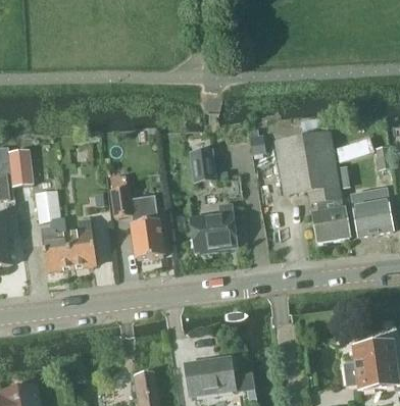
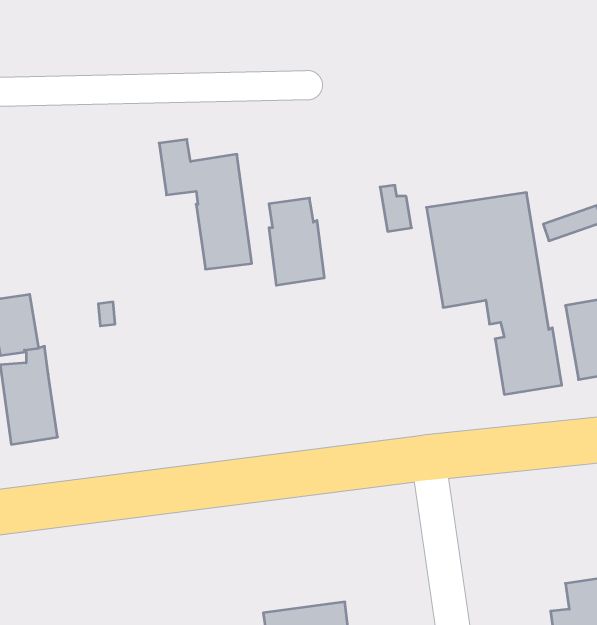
building: [111,187,162,258] -> [159,139,252,269]
building: [190,203,236,251] -> none
building: [66,217,97,266] -> none

